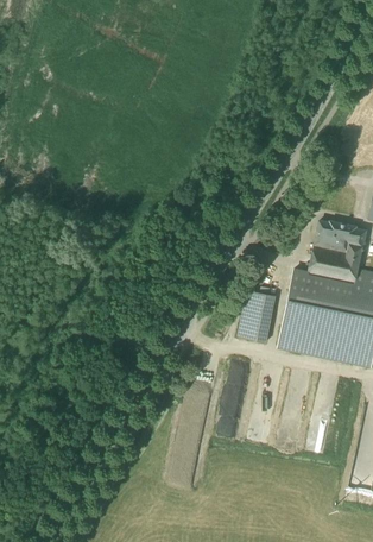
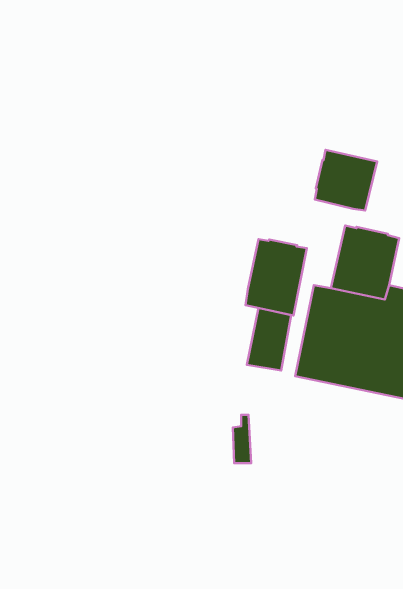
building: none -> [315,150,377,211]
building: none -> [245,239,307,316]

